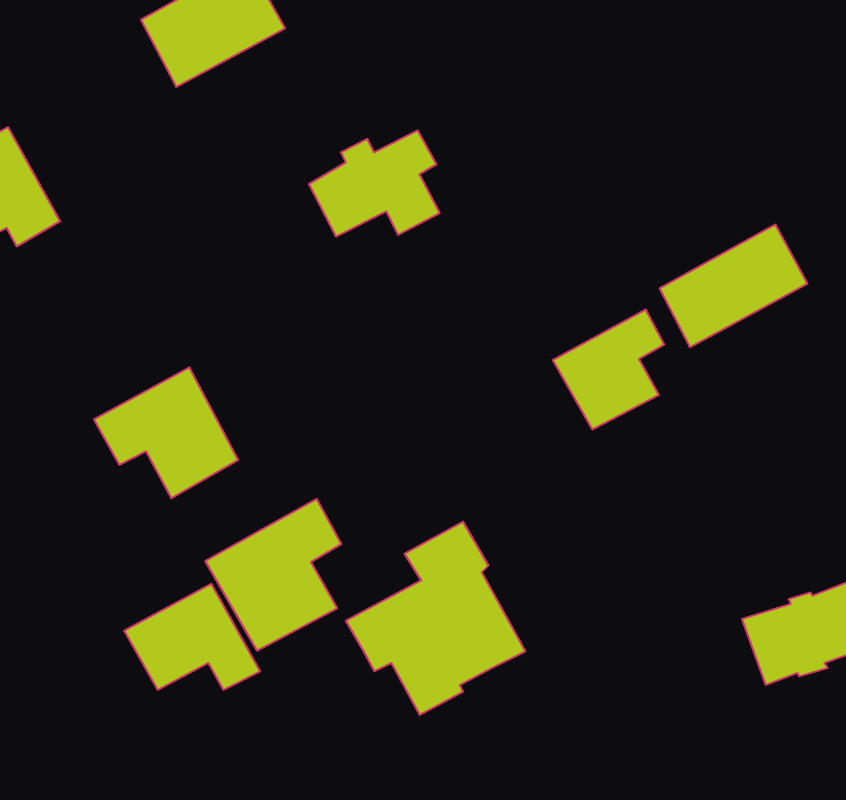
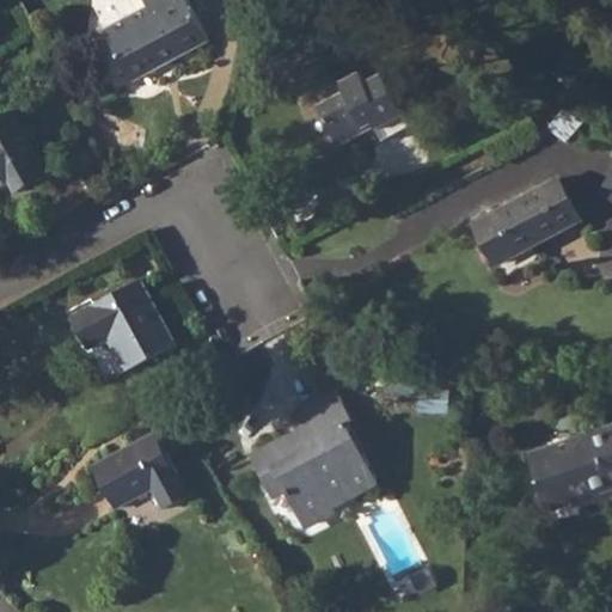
building: [309,131,440,236] -> [313,67,406,142]
building: [553,309,664,430] -> none
building: [205,499,341,651] -> none

